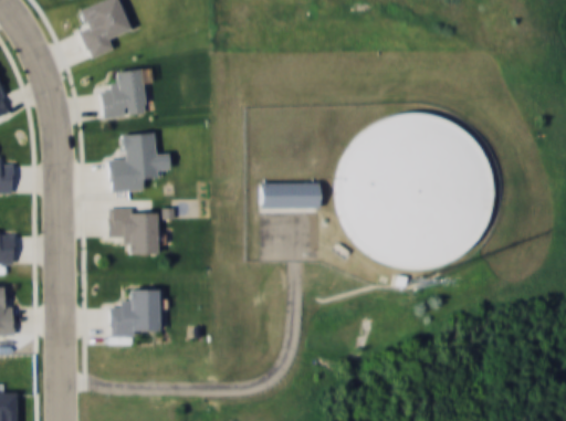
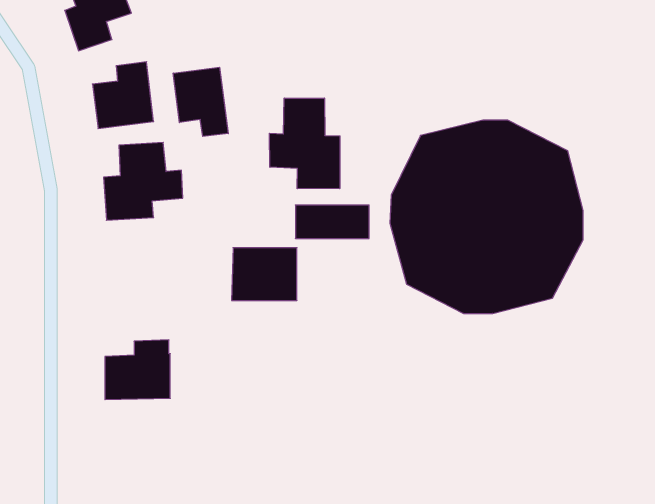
building: none -> [173,67,228,136]
building: none -> [270,98,340,189]
building: [107,208,159,250] -> [232,248,297,300]

